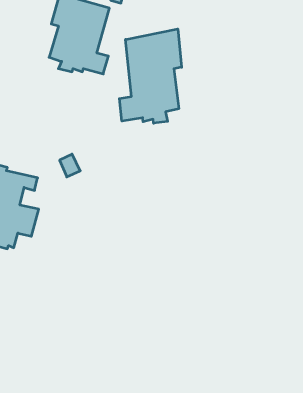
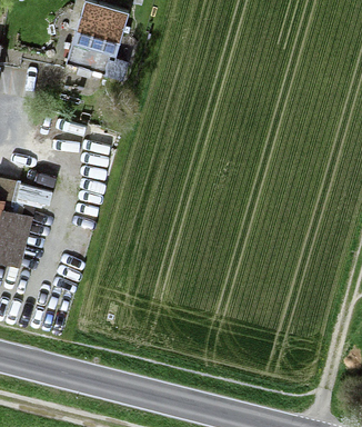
building: [119,29,182,123] -> none

